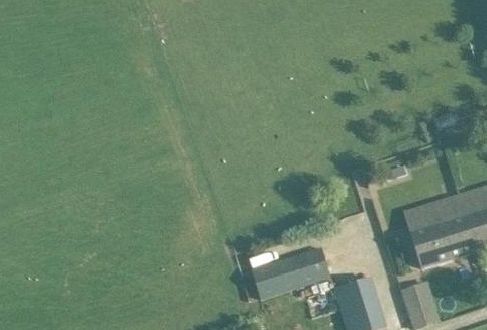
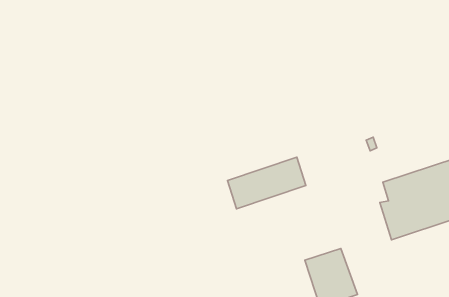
building: [250,246,330,300] -> [228,157,306,209]
building: [403,280,437,321] -> none

